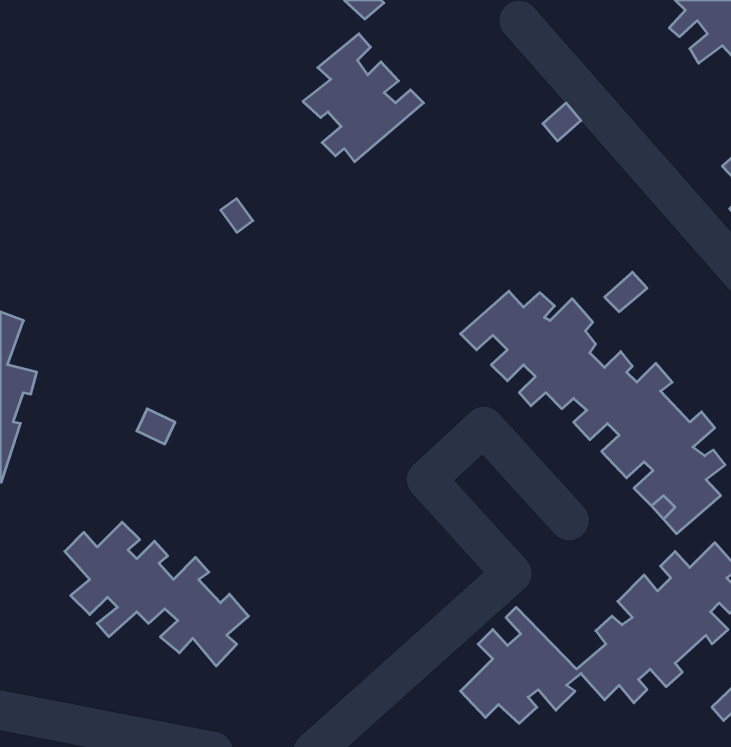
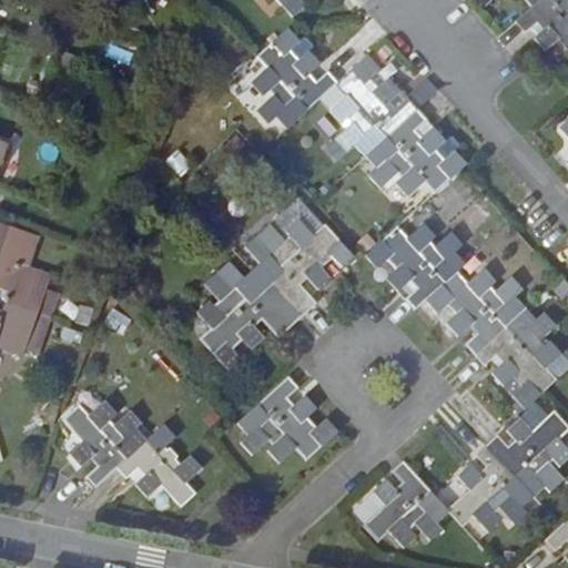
building: none -> [331,51,468,193]
building: none -> [196,216,351,369]
building: none -> [237,377,339,467]

